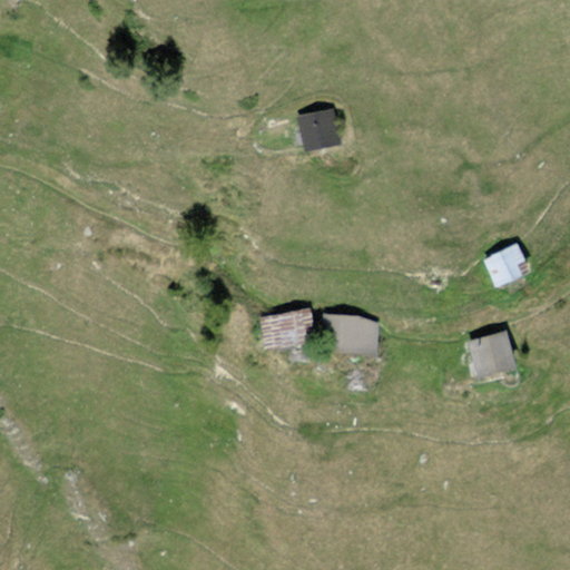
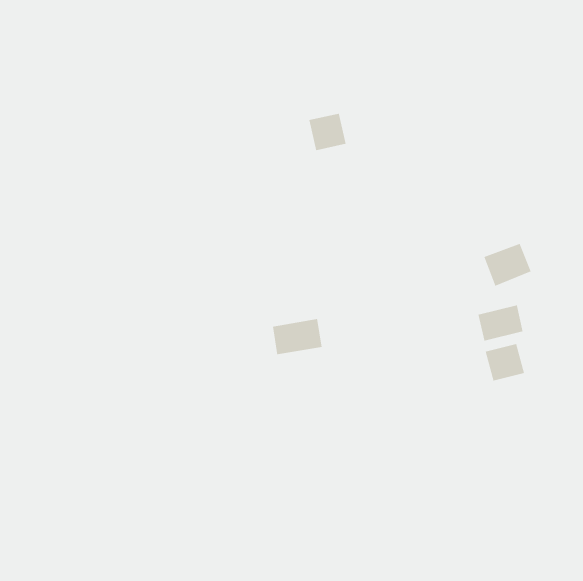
building: none -> [478,304,523,342]
building: [325,317,376,351] -> none

